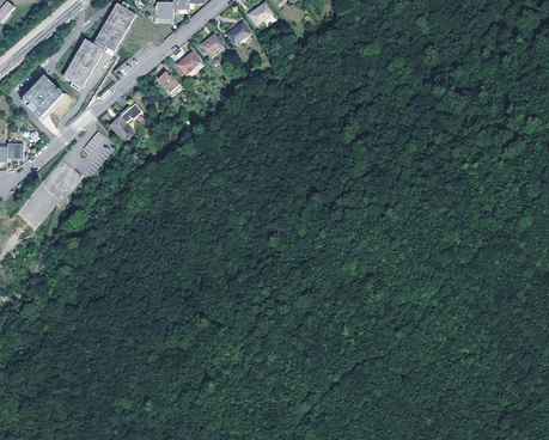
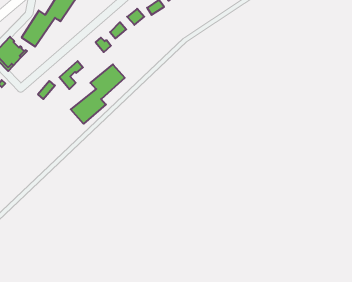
building: none -> [71,64,125,124]

